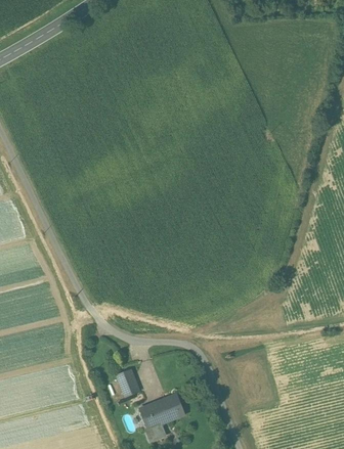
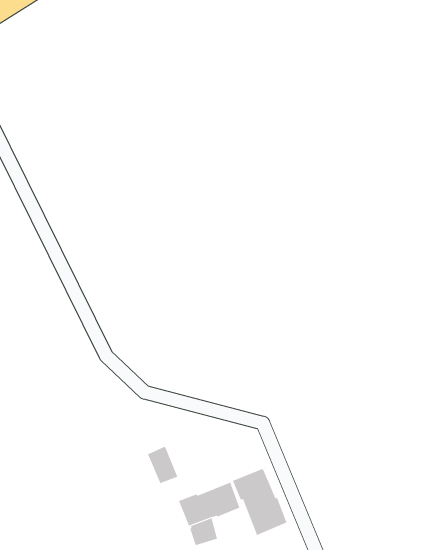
building: none -> [232,467,287,536]

